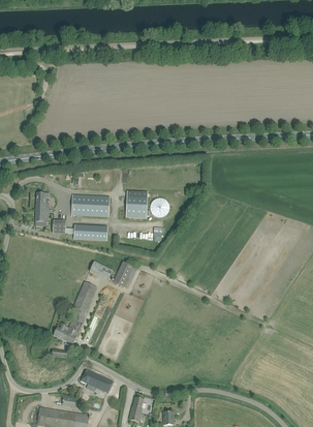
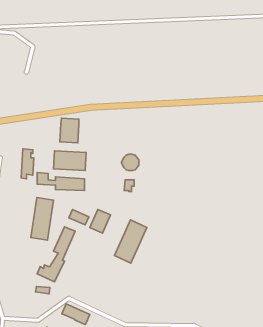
building: [125,190,147,218] -> [60,118,79,143]
building: none -> [31,197,54,240]
building: none -> [114,220,147,263]

